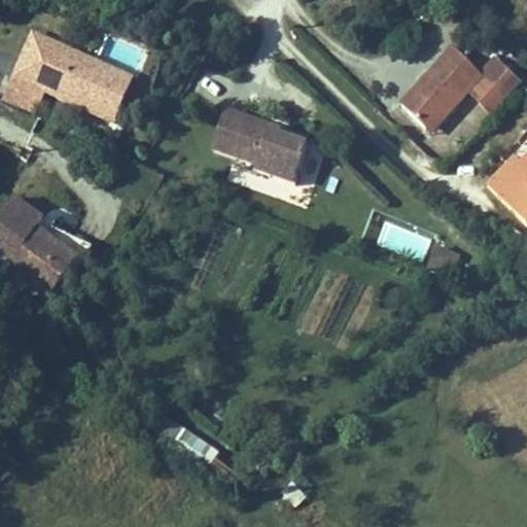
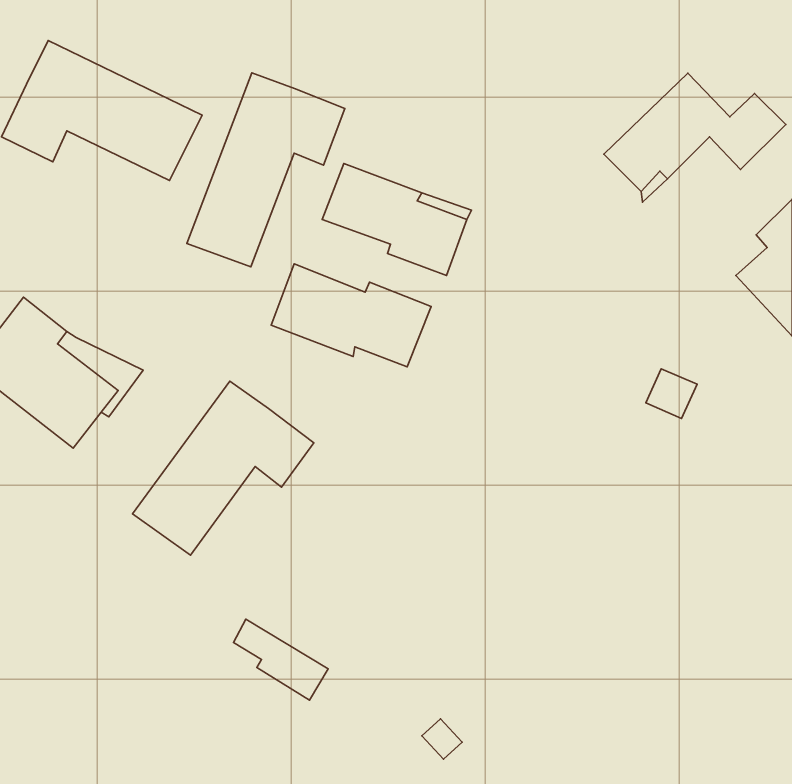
building: none -> [187,73,345,267]
building: none -> [271,264,431,367]
building: none -> [133,381,314,555]

